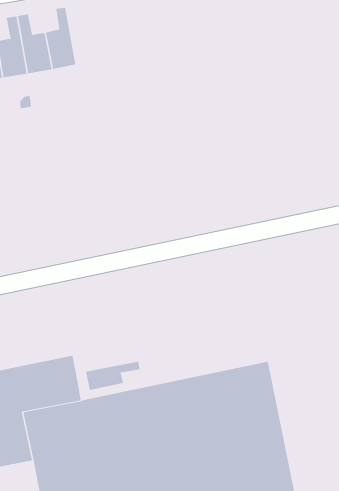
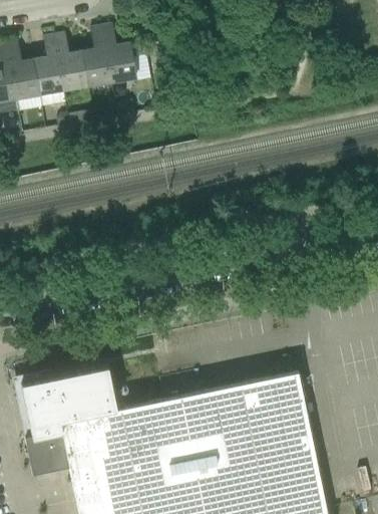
building: none -> [101,26,135,83]
building: [85,361,140,391] -> none

